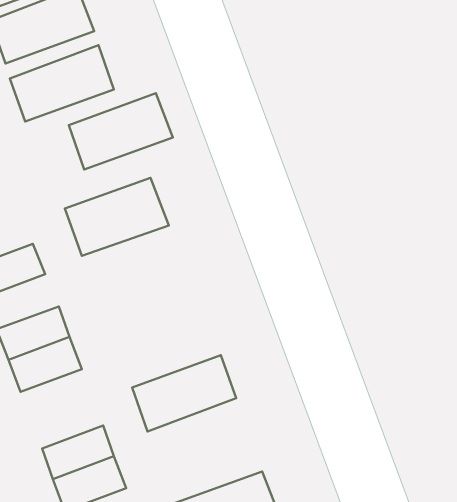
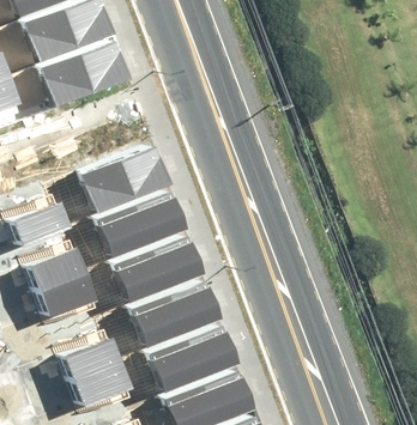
building: [69,93,173,170] -> [103,195,185,255]
building: none -> [120,242,203,302]
building: none -> [151,333,234,393]

